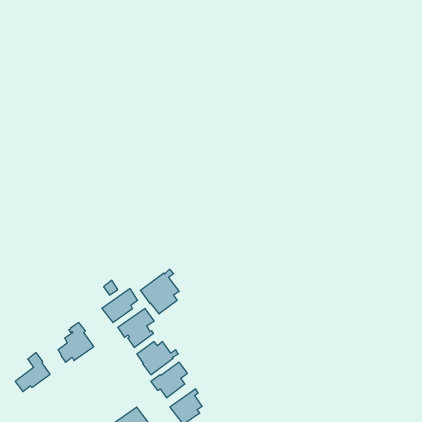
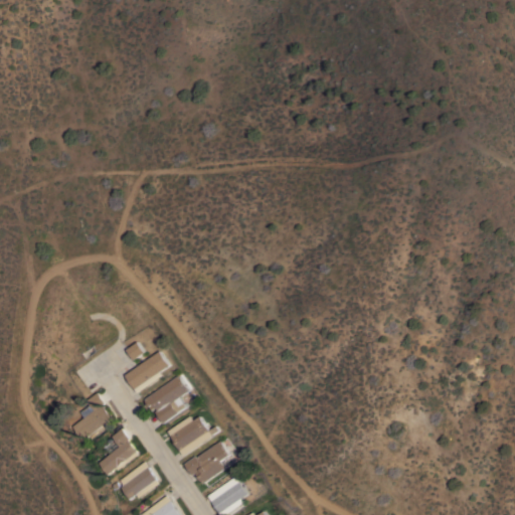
building: [140,269,179,314] -> none
building: [15,353,50,392] -> [96,428,138,476]
building: none -> [117,462,159,500]

